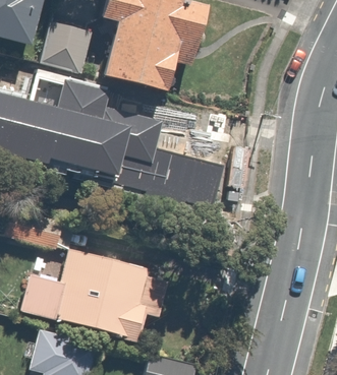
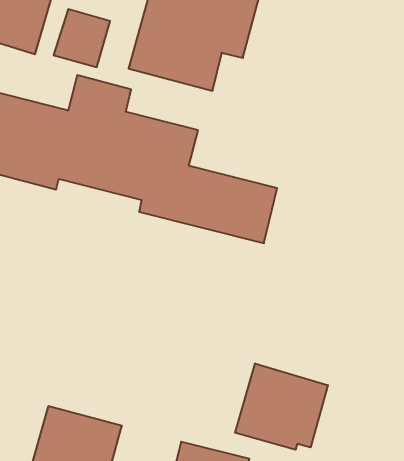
building: [17,249,172,346] -> none
building: none -> [235,363,328,450]

